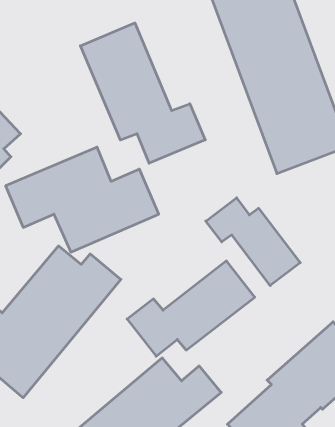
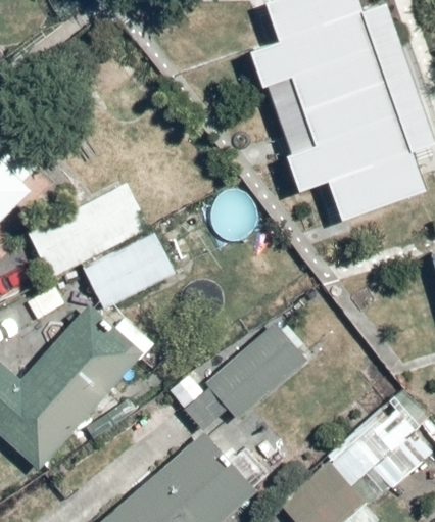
building: [80,23,205,163] -> none
building: [206,198,300,286] -> none

